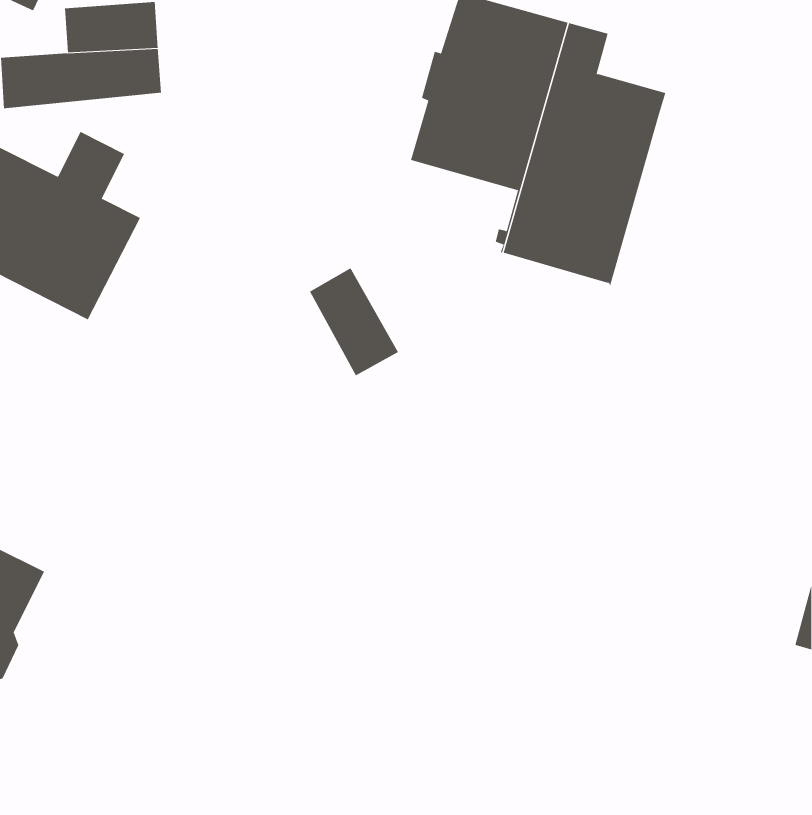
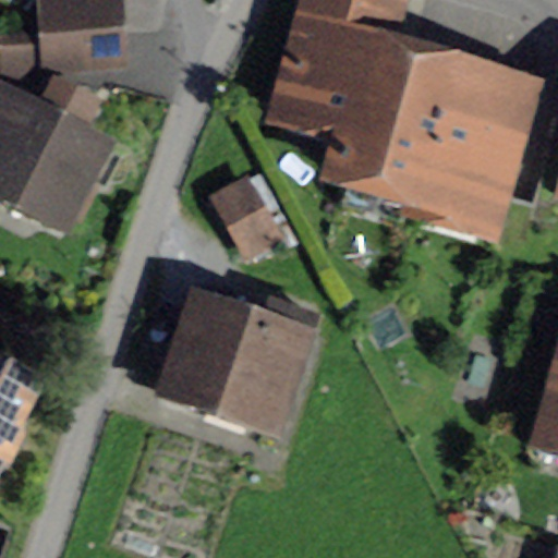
building: none -> [415,63,525,217]
building: none -> [166,304,303,423]

